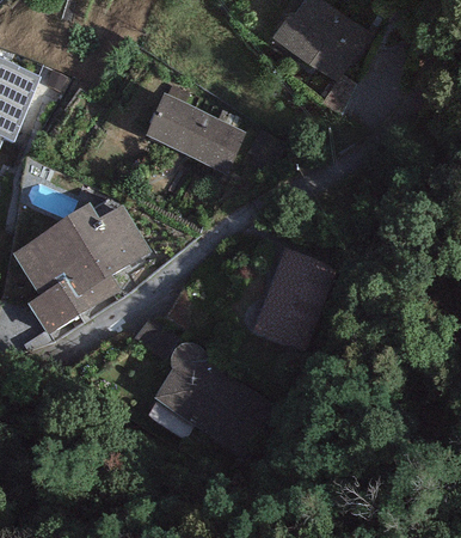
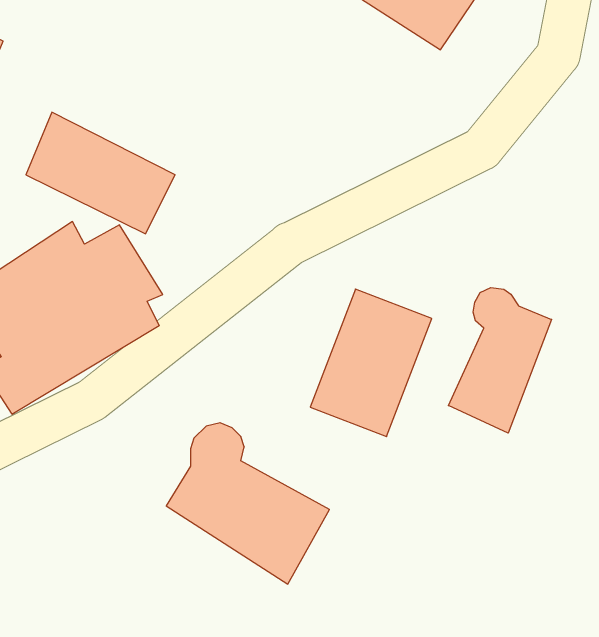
building: [143,92,246,176] -> [26,112,175,234]
building: none -> [448,288,552,433]

